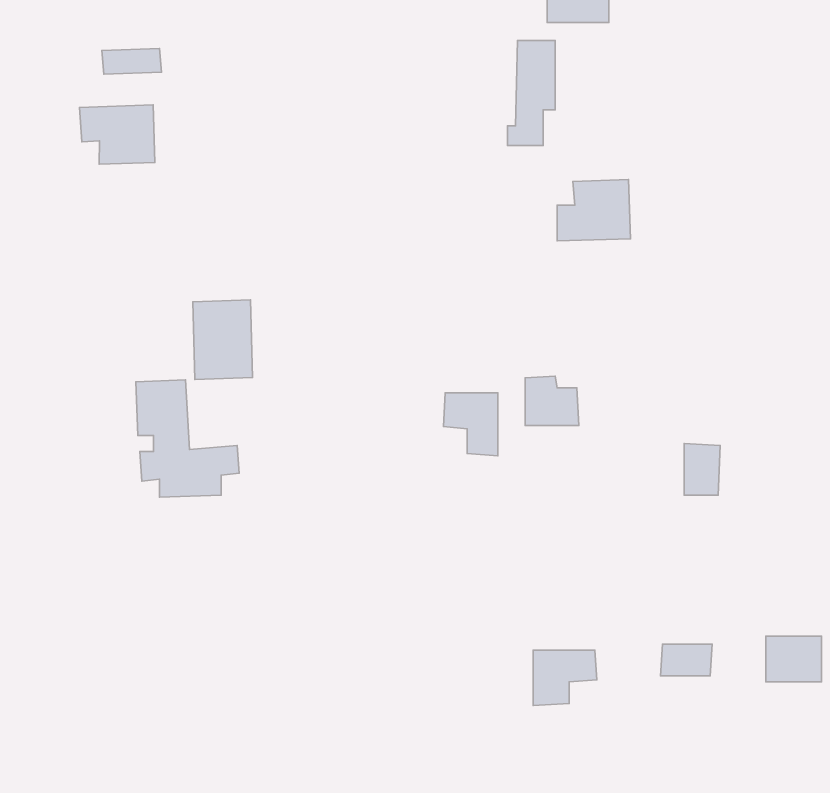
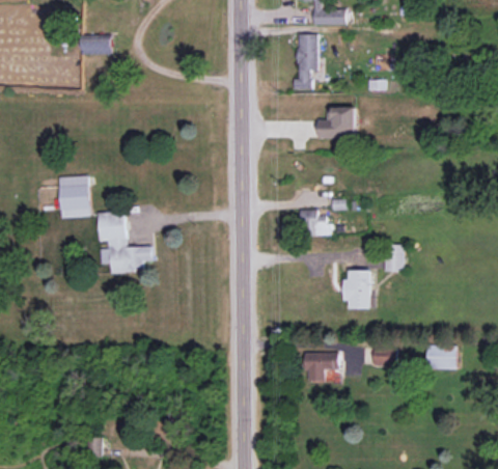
building: [80,105,155,164] -> none
building: [193,300,252,379] -> [59,176,90,218]
building: [443,393,498,456] -> none
building: none -> [343,271,371,309]

